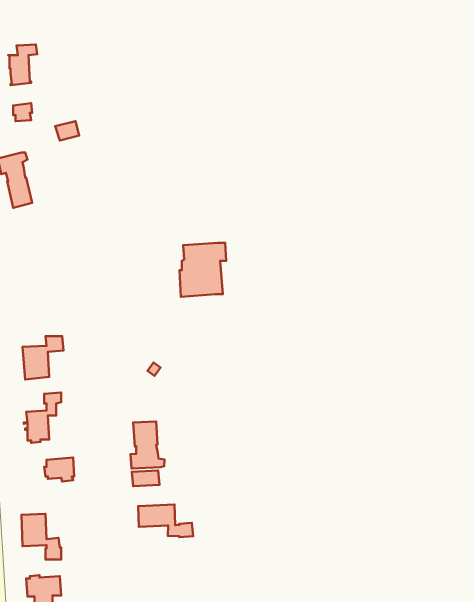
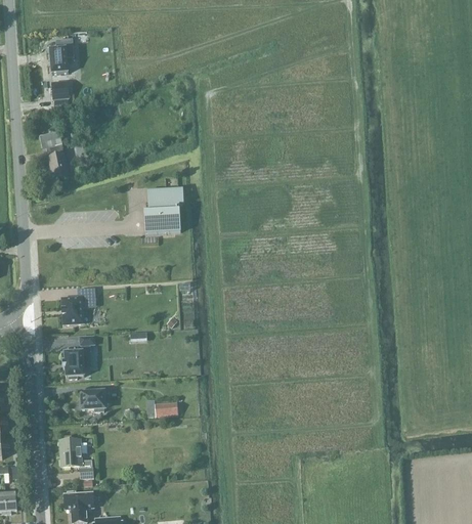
building: [180,243,226,297] -> [144,186,184,232]
building: [131,421,165,468] -> none
building: [138,505,193,537] -> none

